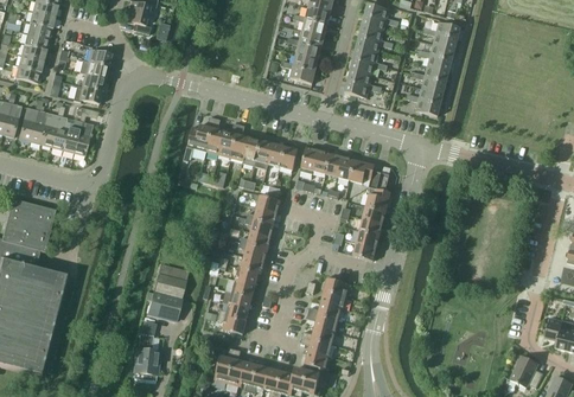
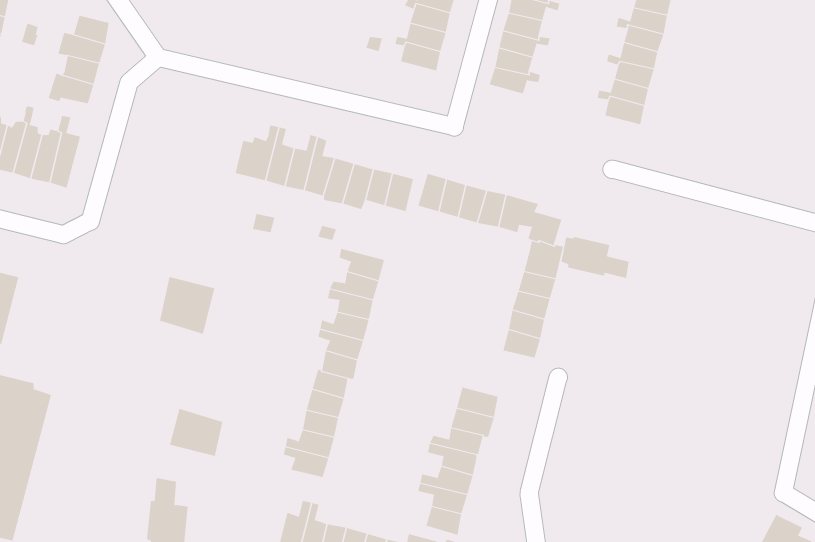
building: none -> [561,236,629,279]
building: [153,262,187,297] -> [159,277,215,334]

